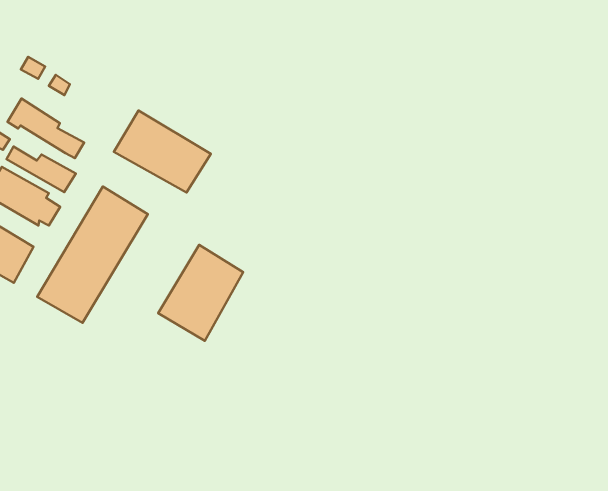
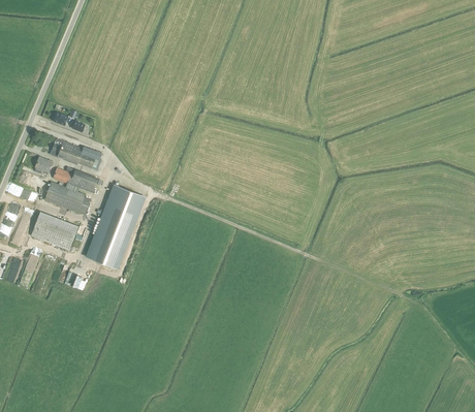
building: [114,110,211,193] -> none
building: [158,245,243,341] -> none

